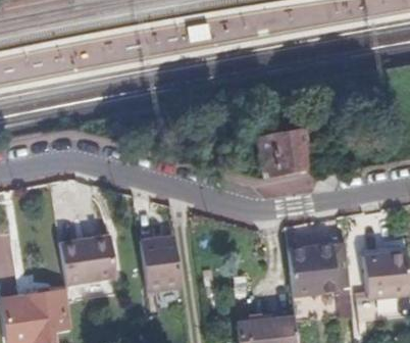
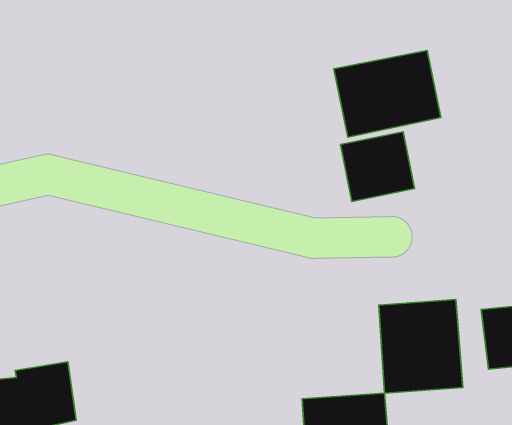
building: none -> [334,50,441,137]
building: [140,232,175,285] -> none
building: [59,239,116,284] -> none

